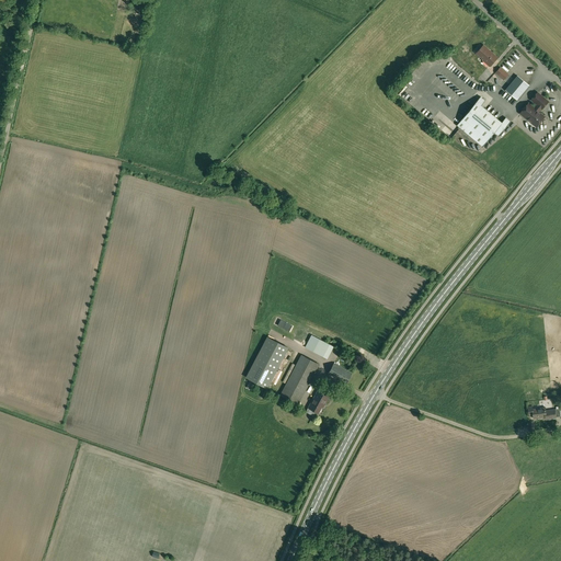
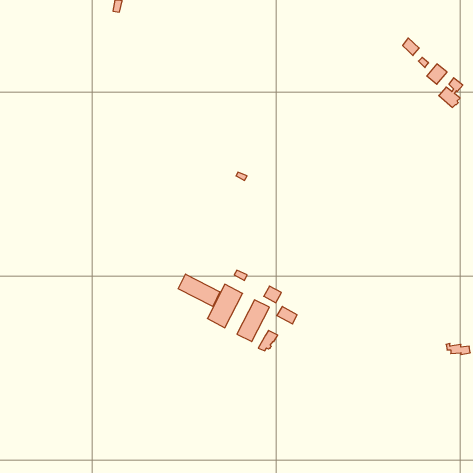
building: [457,96,511,147] -> none
building: none -> [178,274,220,306]

